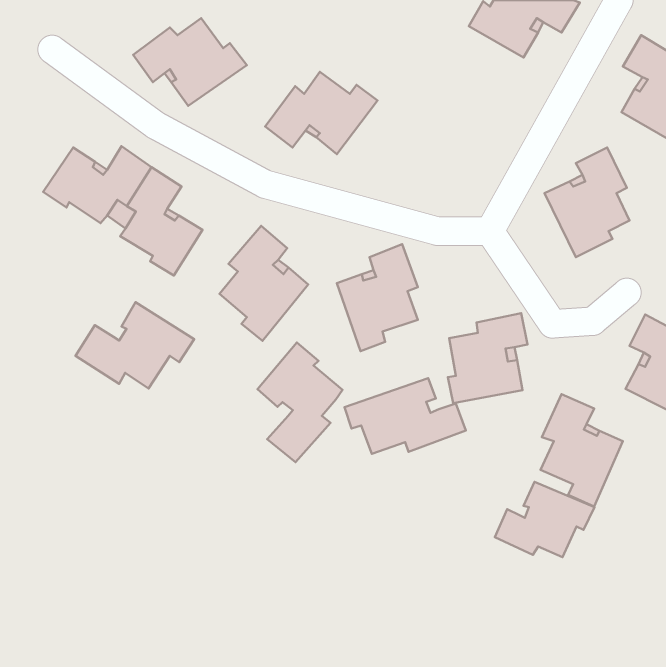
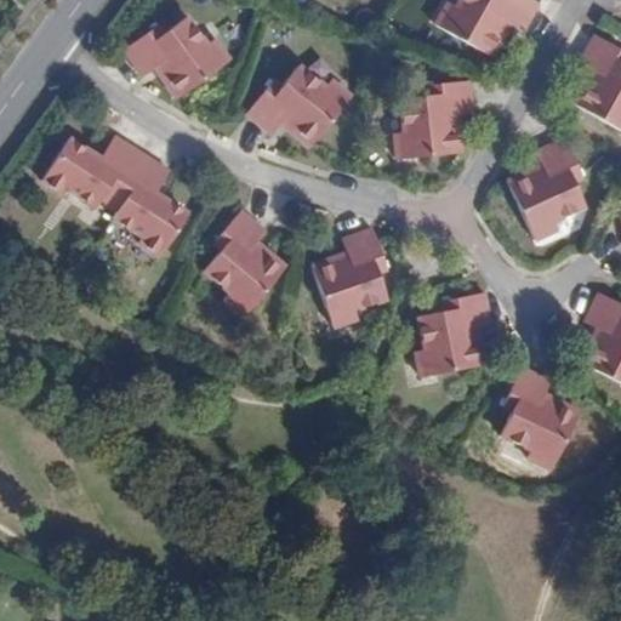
building: none -> [395,80,473,158]
building: [76,302,194,389] -> none
building: [258,343,342,462] -> none
building: [345,378,466,454] -> none
building: [495,482,594,557] -> none

